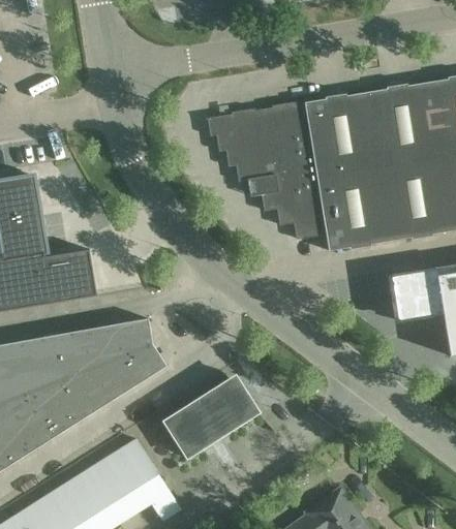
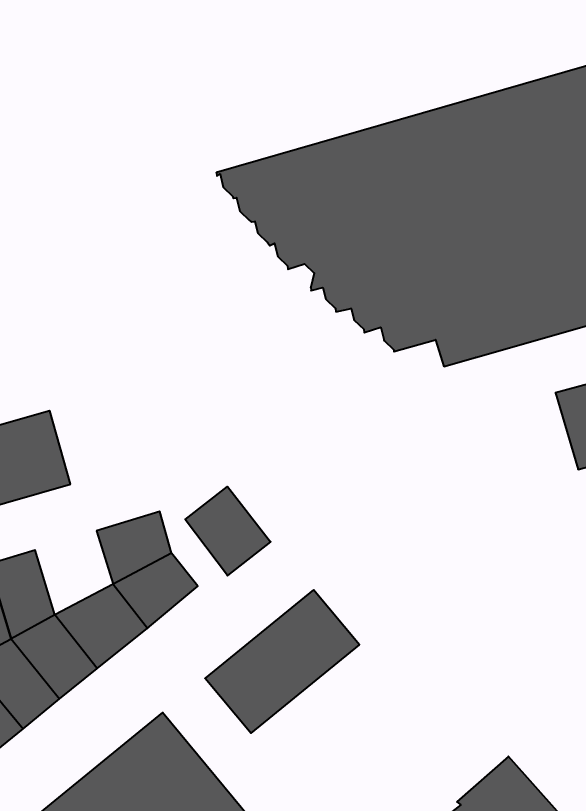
building: none -> [185,487,271,576]
building: [70,325,115,373] -> none

